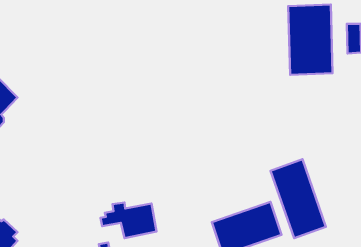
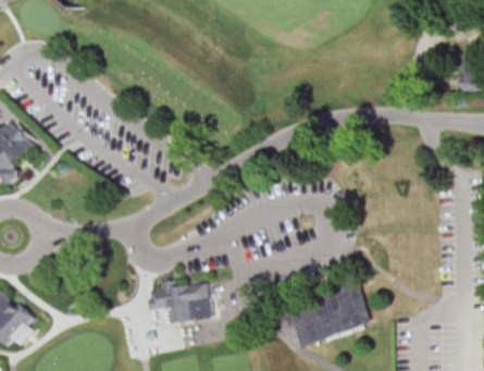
building: [288,5,333,75] -> none
building: [271,159,326,238] -> none

